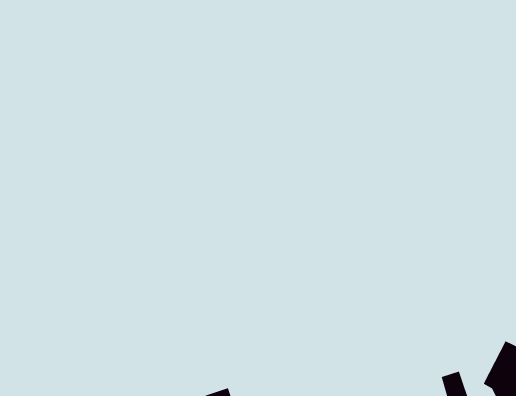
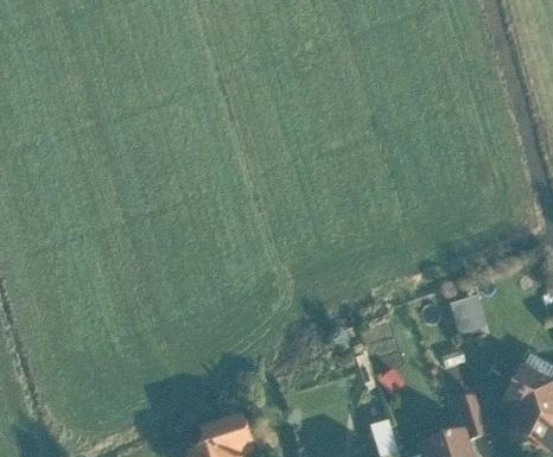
building: none -> [453,291,488,329]

